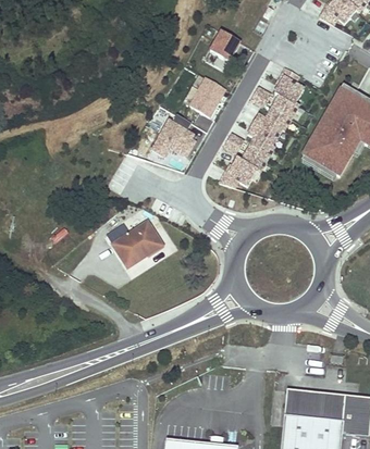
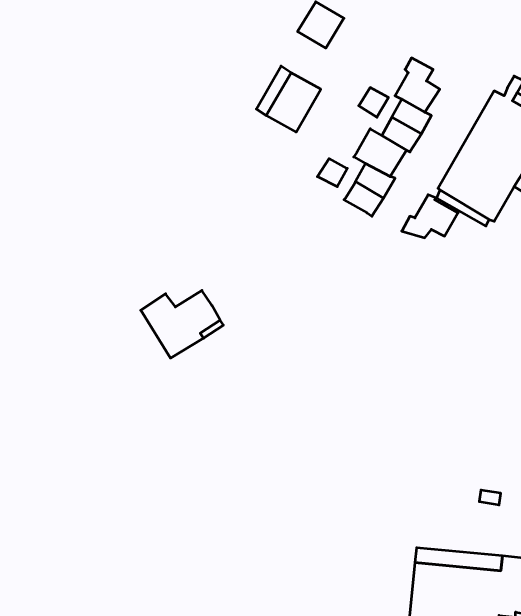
building: [148,110,195,159] -> none
building: [218,157,255,185] -> [402,195,458,238]

